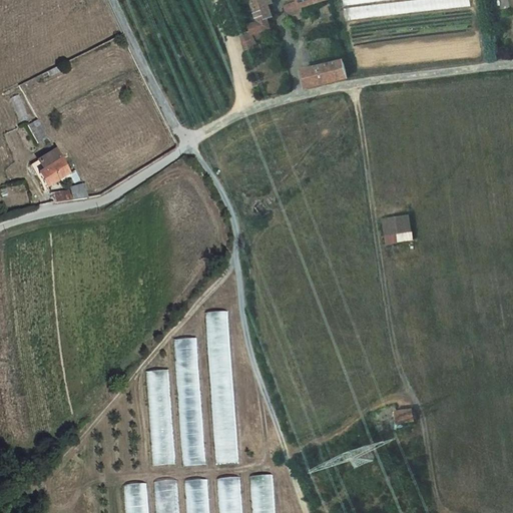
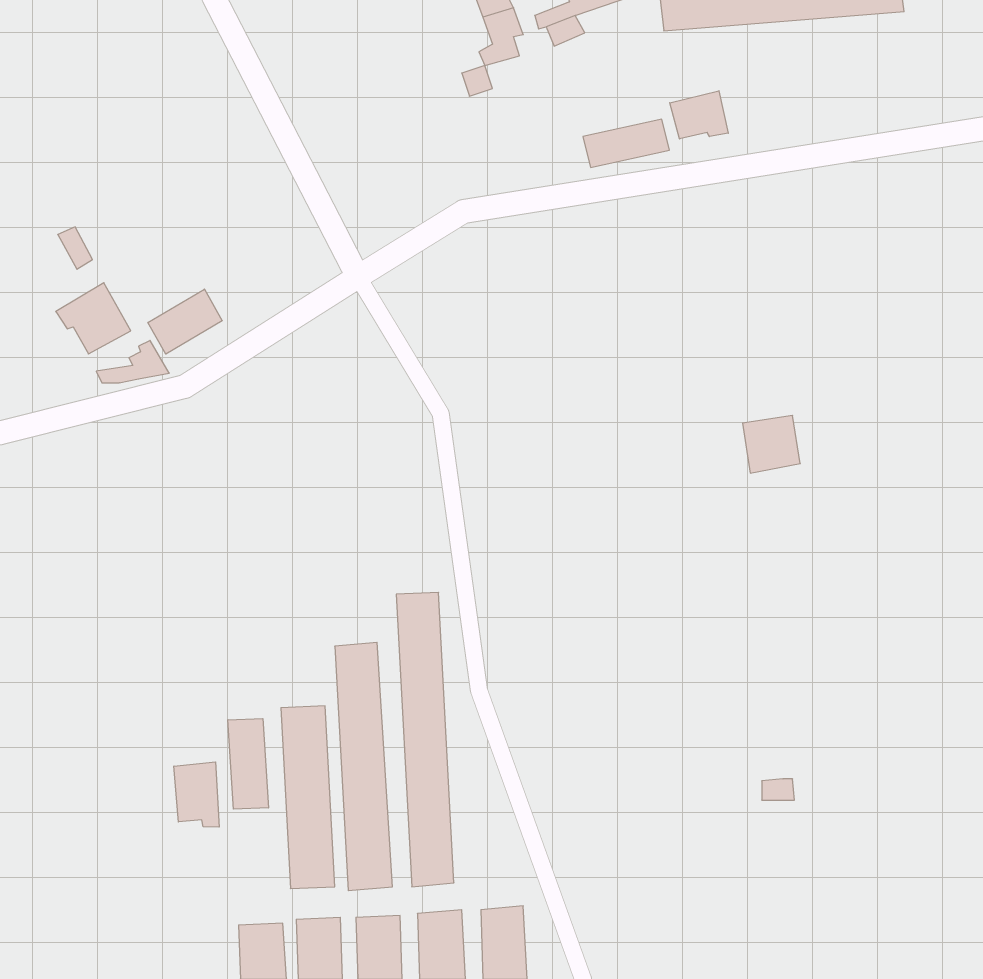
building: none -> [670,91,728,139]
building: none -> [148,289,222,354]
building: none -> [228,719,268,809]
building: none -> [174,762,219,827]

